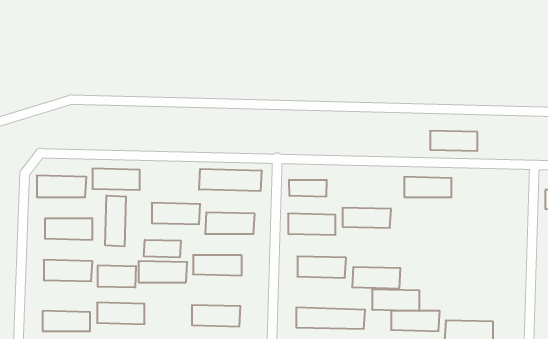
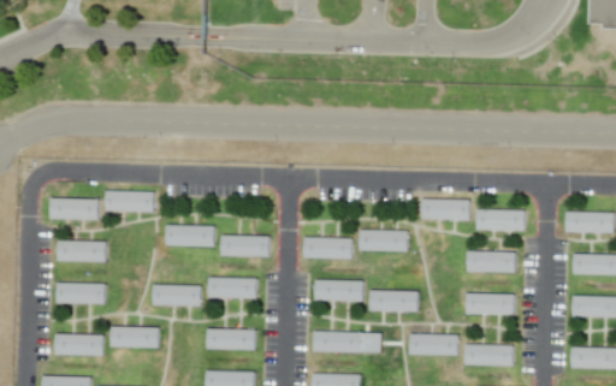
building: [430,131,477,151] -> [475,209,523,230]
building: [199,169,262,191] -> none
building: [289,180,327,197] -> none
building: [105,195,126,246] -> none
building: none -> [466,251,515,272]
building: [144,240,181,257] -> none
building: [98,265,136,288] -> none
building: [372,289,420,311] -> [464,292,513,314]

